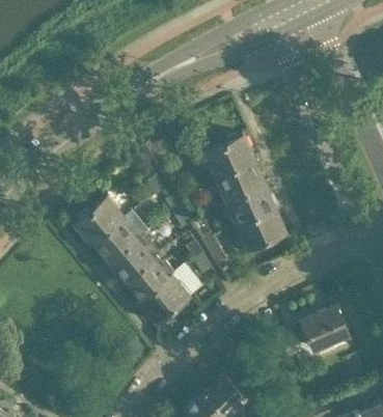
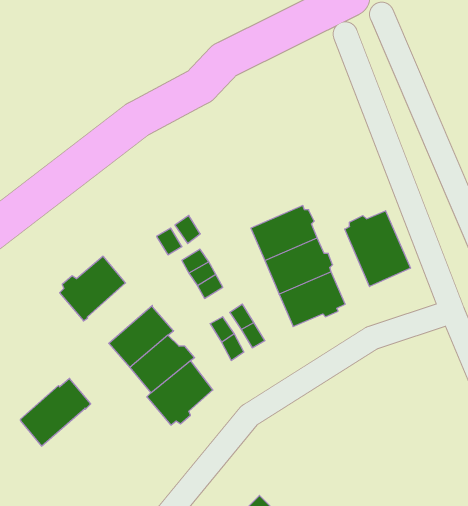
building: [206,135,255,176] -> none
building: none -> [345,211,410,287]
building: [97,212,148,261] -> [20,378,91,446]
building: [272,306,350,359] -> none

